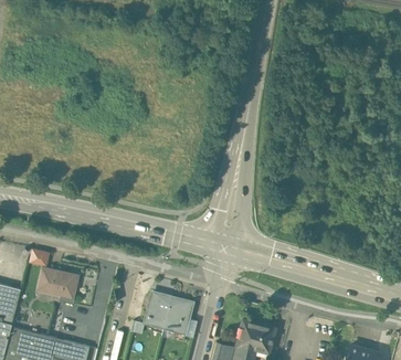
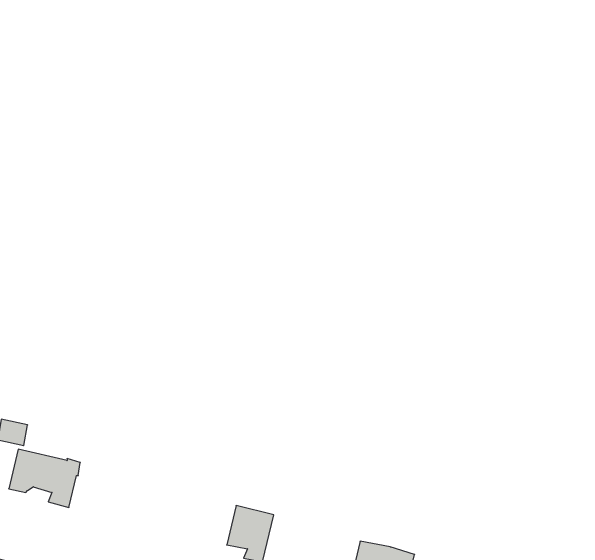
building: [144,292,171,326] -> none

